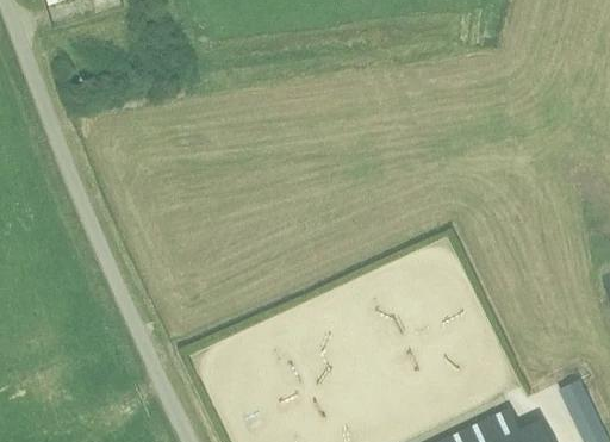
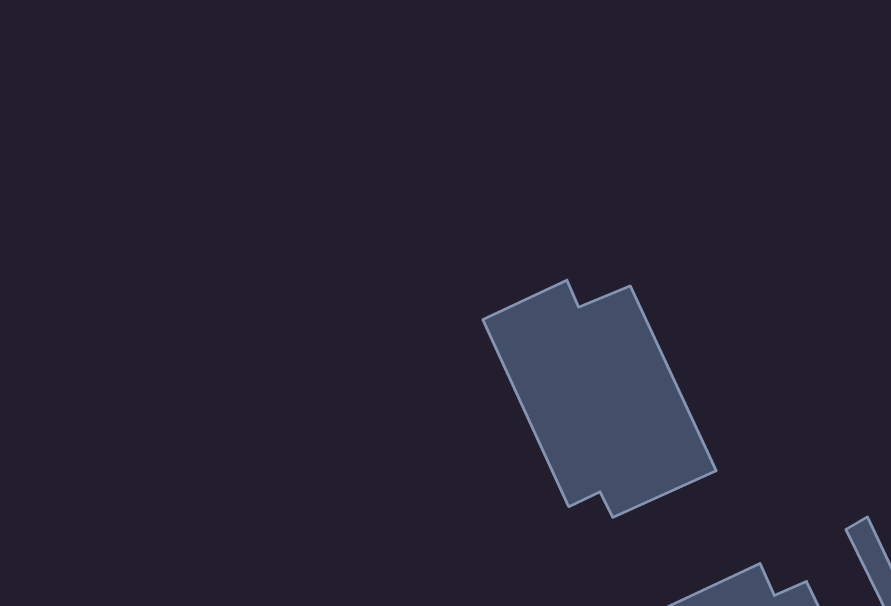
building: none -> [483,280,716,517]

